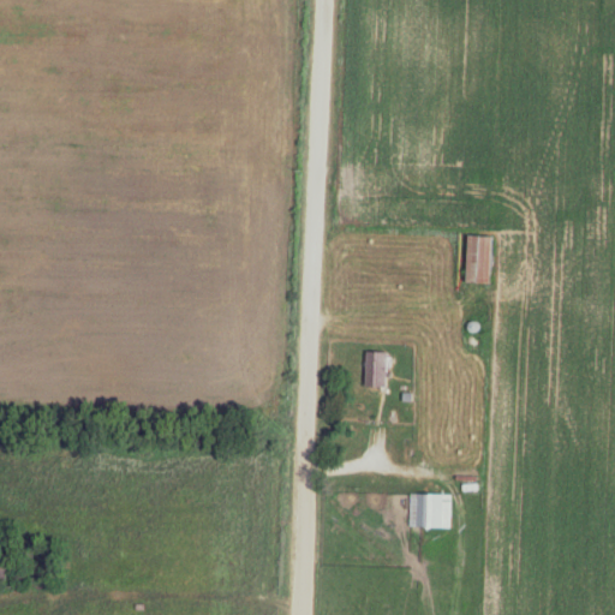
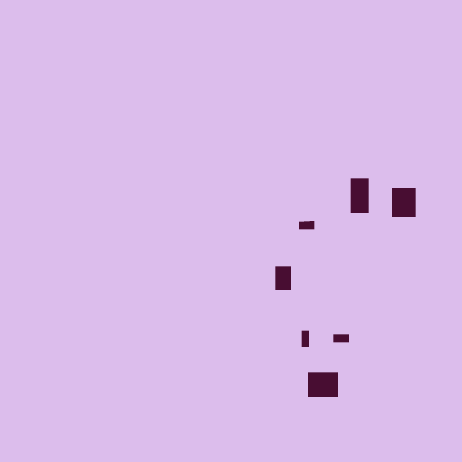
building: none -> [391,187,416,218]

